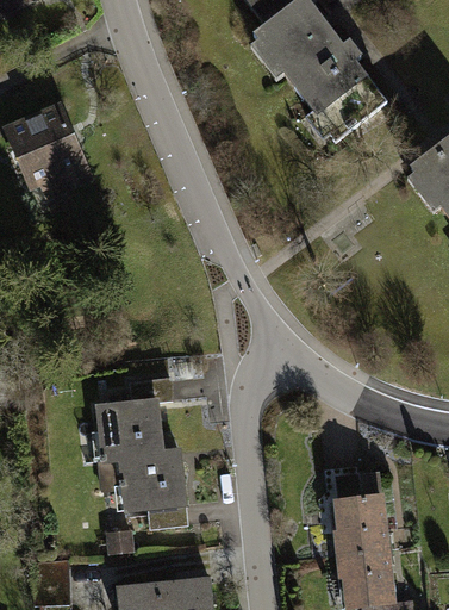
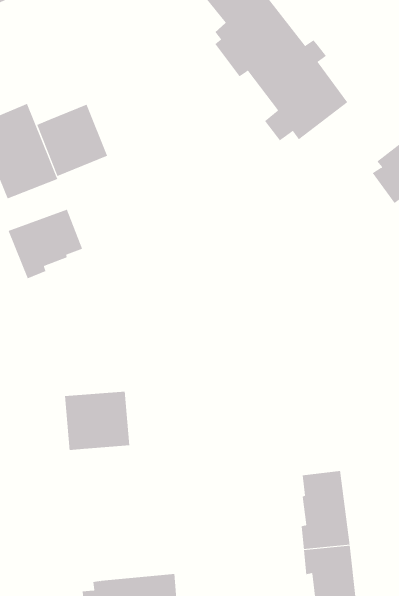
building: none -> [36,104,108,177]
building: none -> [8,209,83,279]
building: [117,448,187,510] -> none

